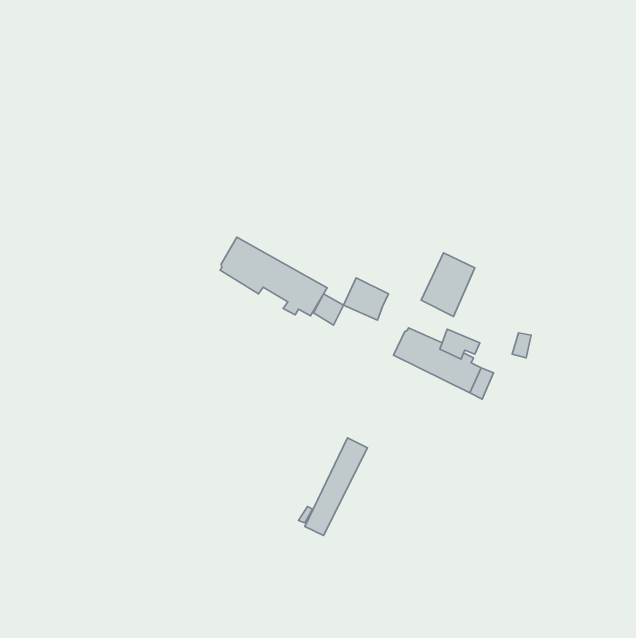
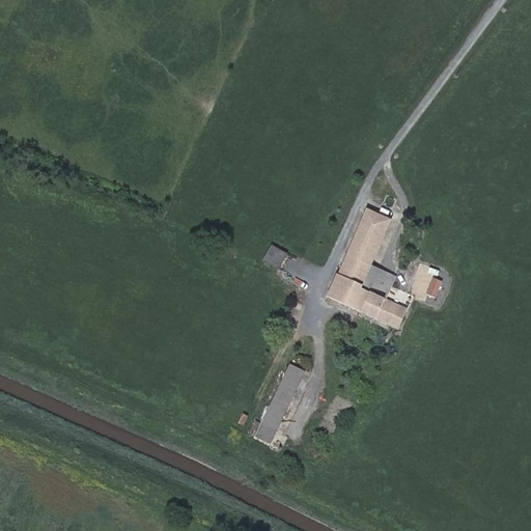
building: [220,237,327,316] -> none
building: [344,278,389,320] -> [339,249,376,284]

